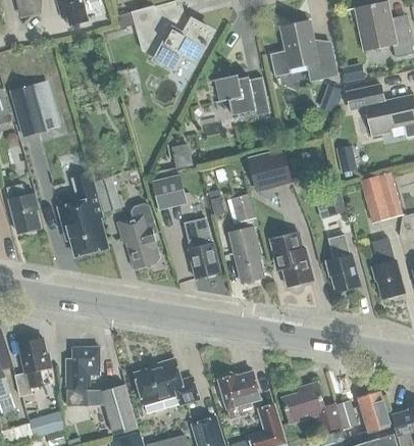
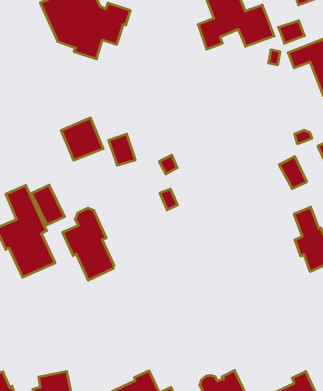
building: [208,73,267,115] -> none
building: [249,151,292,186] -> none
building: [152,175,188,210] -> [61,118,103,160]
building: [227,194,256,224] -> none
building: [185,219,219,279] -> none
building: [229,228,263,283] -> none
building: [269,233,313,287] -> none

